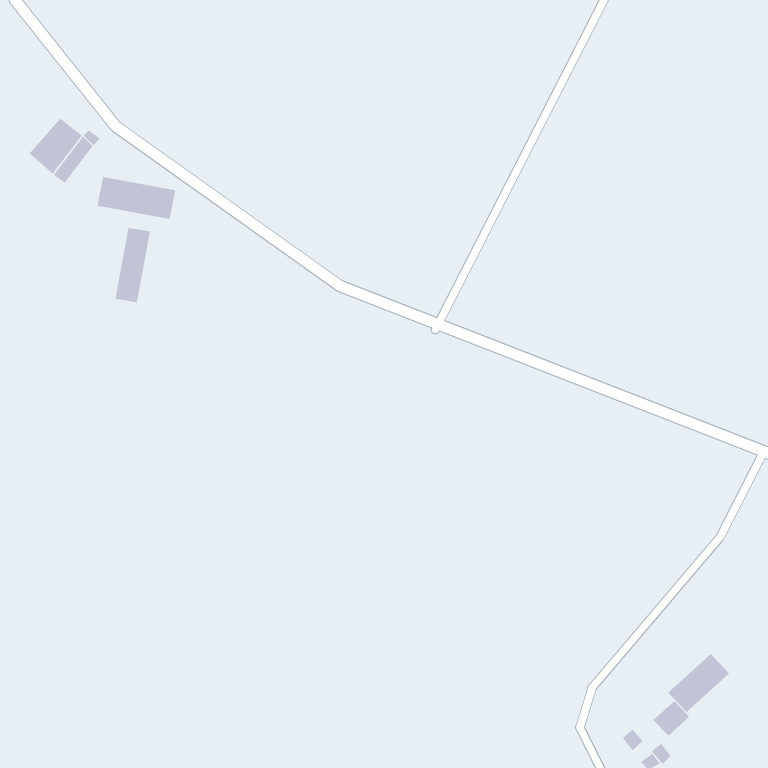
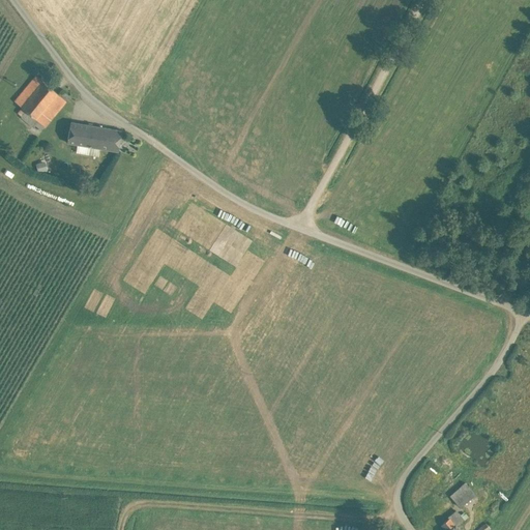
building: [114,227,151,303] -> none
building: [668,653,730,713] -> none

